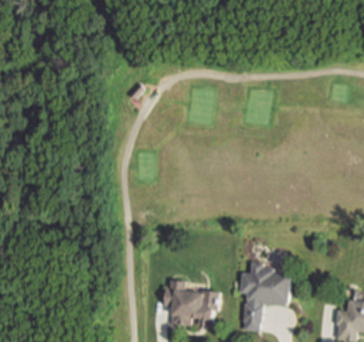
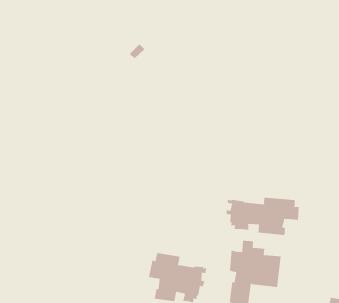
building: none -> [226,197,299,236]

